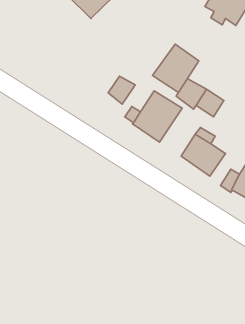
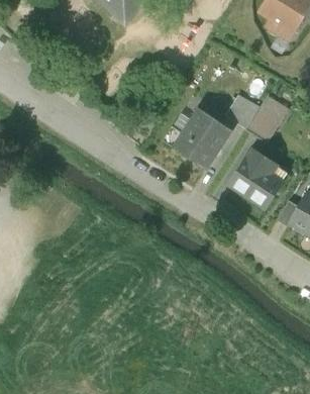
building: [153,44,199,92] -> none
building: [108,76,135,104] -> none

